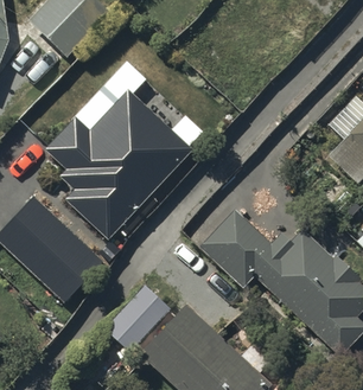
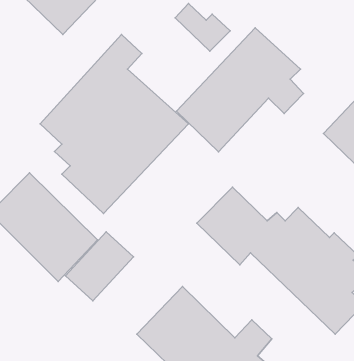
building: none -> [176,28,303,152]
building: [102,284,170,353] -> [65,232,133,301]

